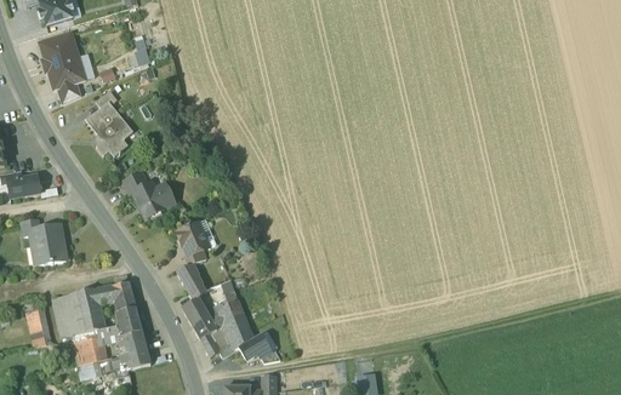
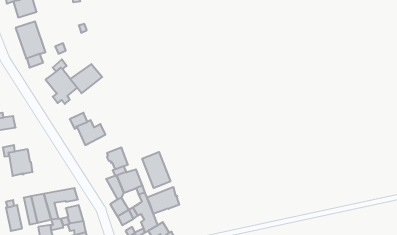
building: none -> [70,64,102,93]
building: none -> [142,152,170,188]
building: none -> [147,187,179,214]

